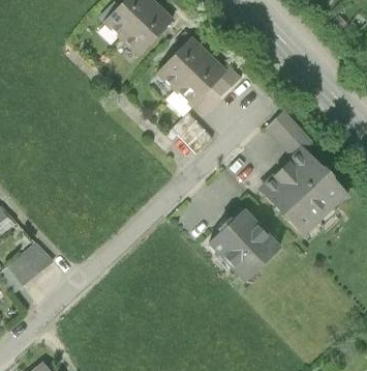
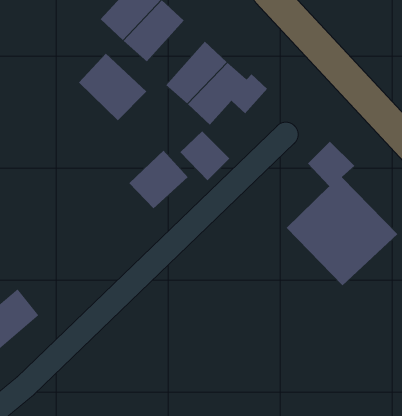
building: none -> [78,53,147,121]
building: none -> [129,150,189,209]
building: [208,207,282,277] -> none

